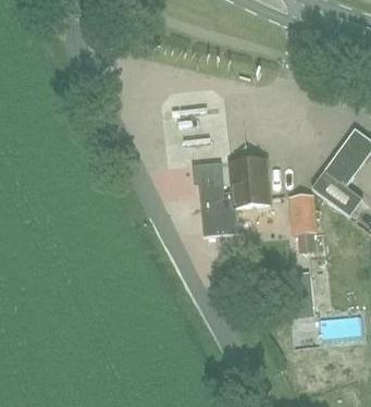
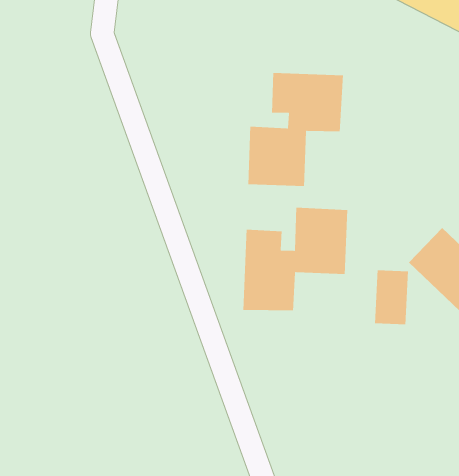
building: none -> [247,72,344,187]

